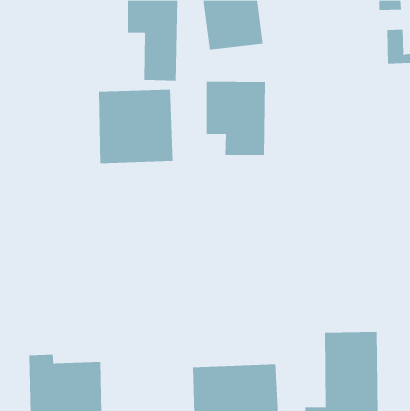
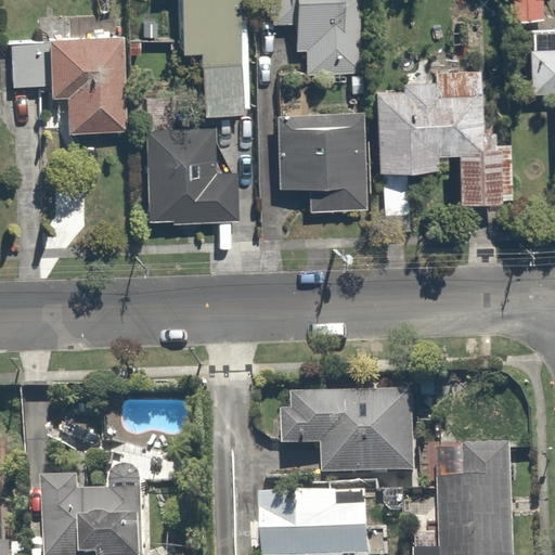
building: none -> [40,29,126,128]
building: none -> [372,82,507,192]
building: none -> [282,392,415,478]

